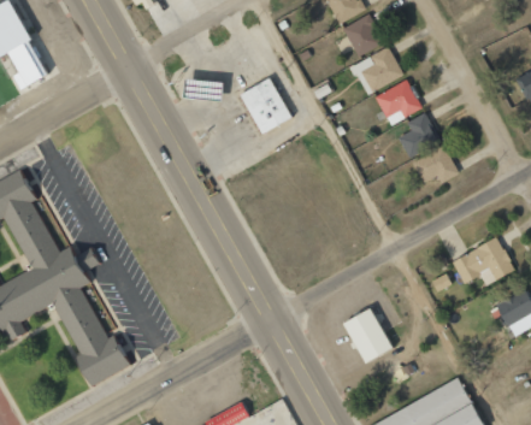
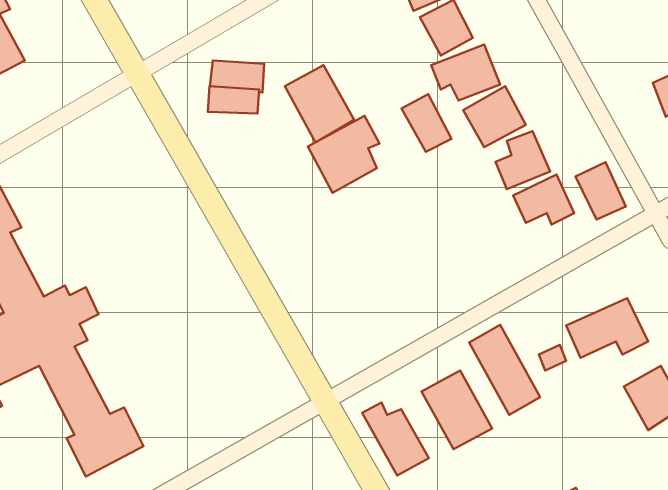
building: none -> [402,94,452,152]
building: none -> [308,116,379,193]
building: none -> [575,162,626,219]
building: none -> [469,325,540,415]
building: none -> [362,403,429,475]

